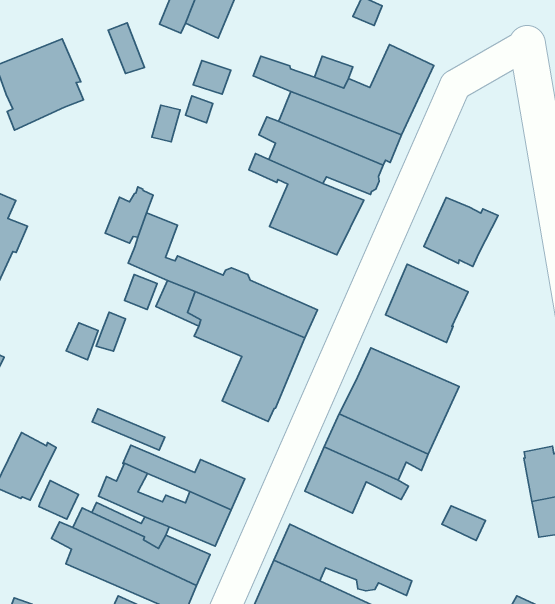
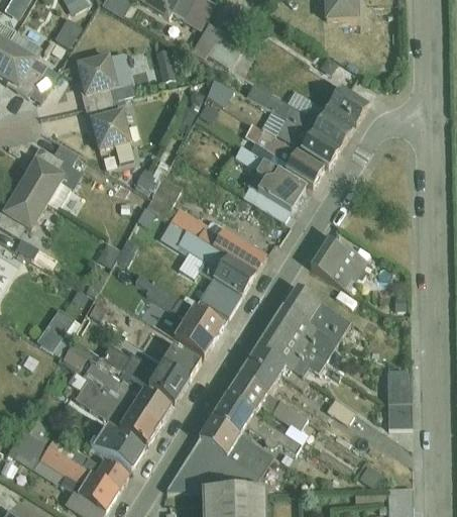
building: none -> [84,97,134,162]
building: [424,198,498,266] -> none
building: none -> [136,274,222,355]
building: none -> [226,375,308,444]

